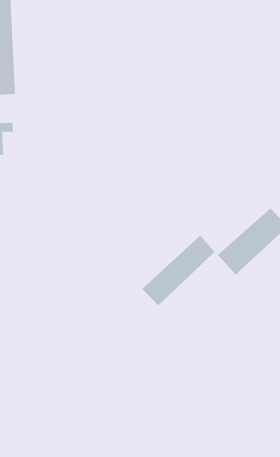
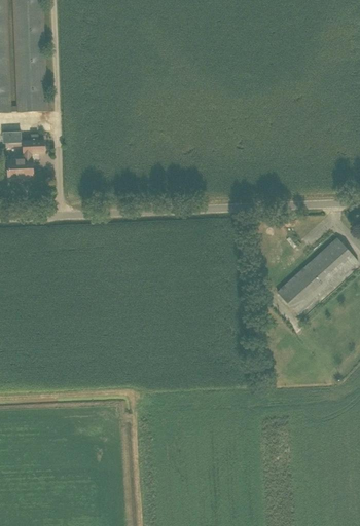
building: [141,235,216,306] -> none

